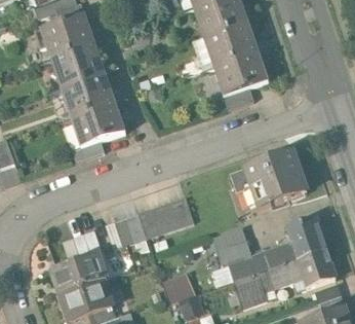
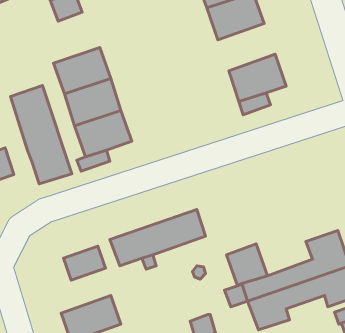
building: [41,15,94,60] -> none
building: [204,23,258,67] -> none
building: none -> [10,85,72,184]
building: [229,151,307,208] -> none
building: [49,251,109,293] -> none
building: [162,272,195,302] -> none

